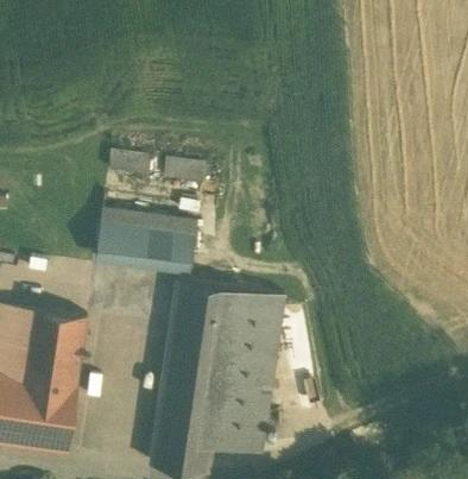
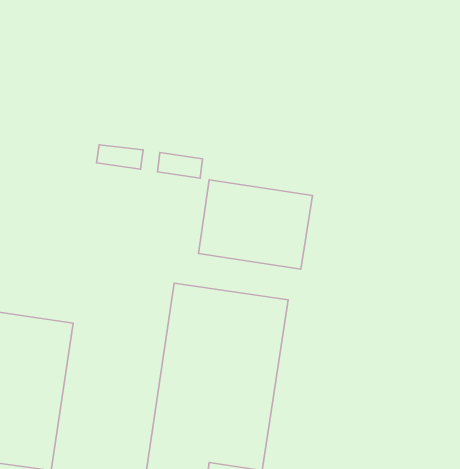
building: [95,194,200,276] -> [199,180,312,269]

